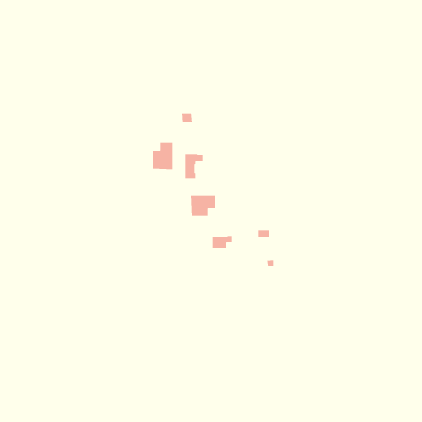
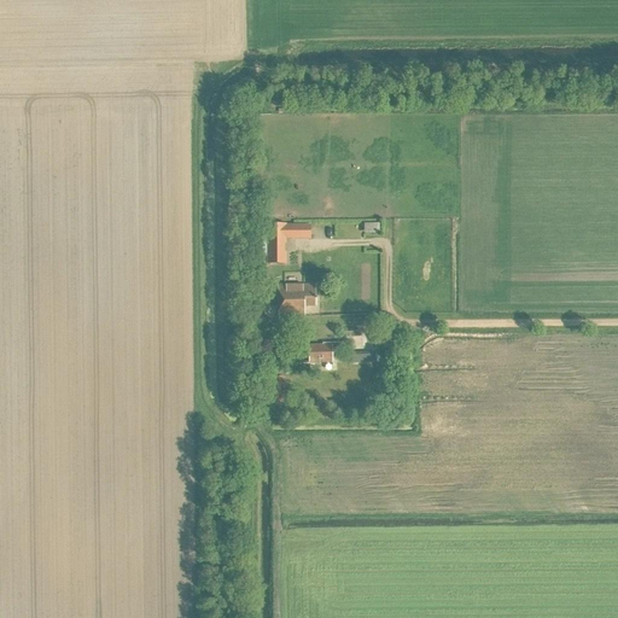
building: [152,142,173,170] -> none

